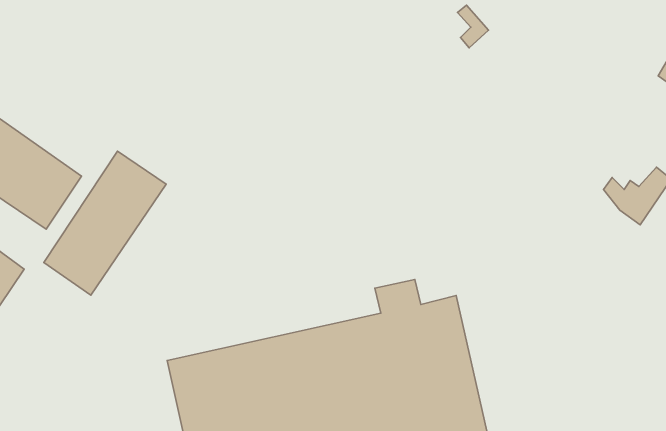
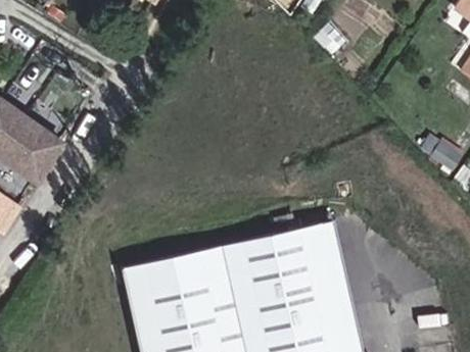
building: [44,151,166,295] -> none

